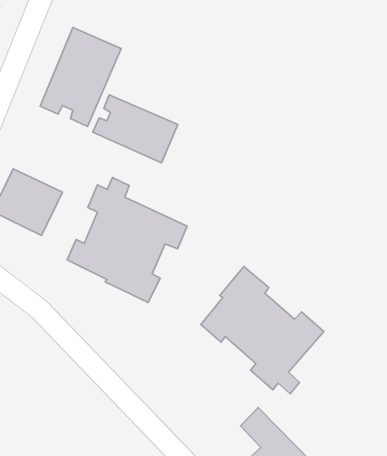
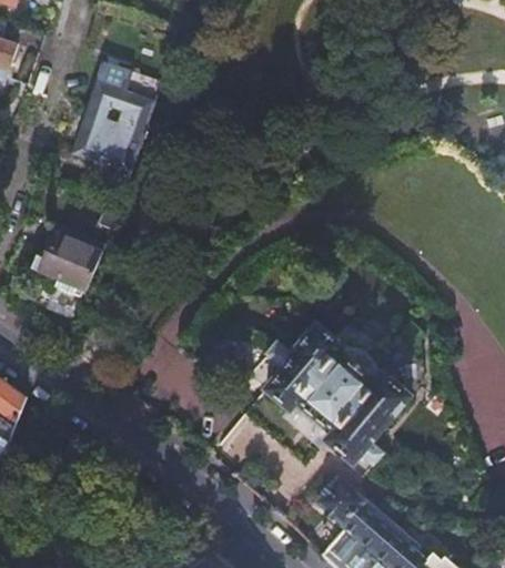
building: [93,95,178,163] -> none
building: [67,177,187,303] -> none

